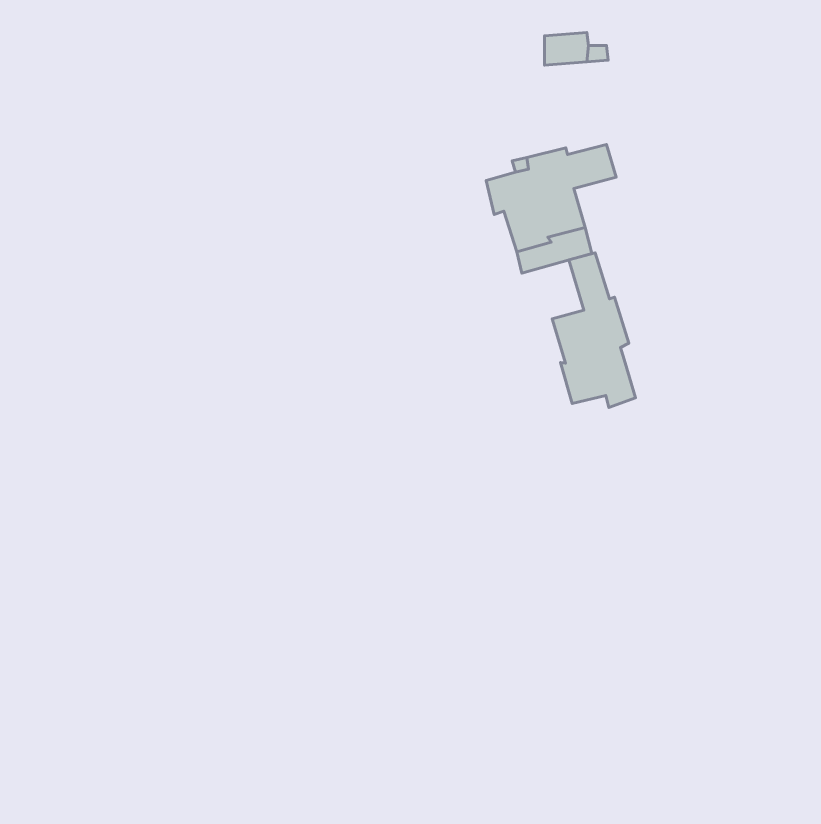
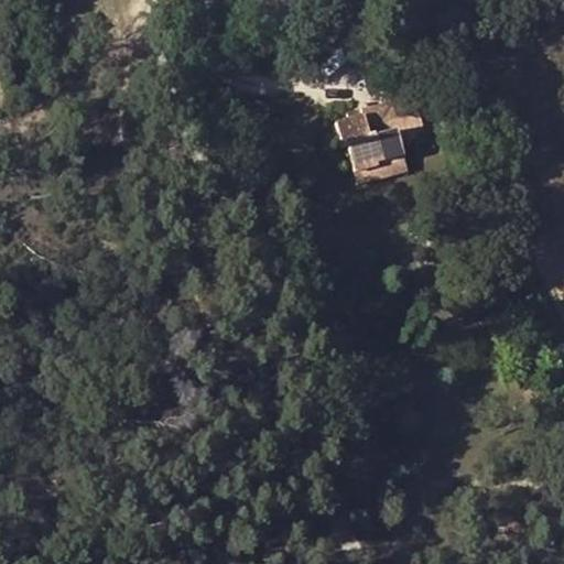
building: [552,253,636,407] -> none

